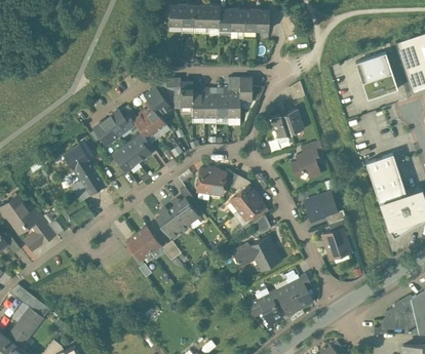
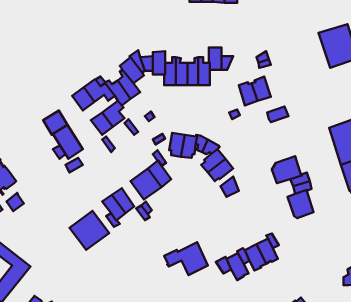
building: [292,153,320,179] -> none
building: [28,205,55,244] -> none
building: [234,237,280,272] -> [164,242,208,275]
building: none -> [70,211,109,250]

